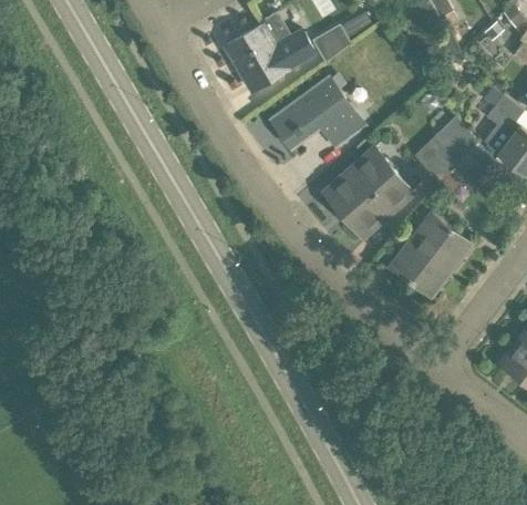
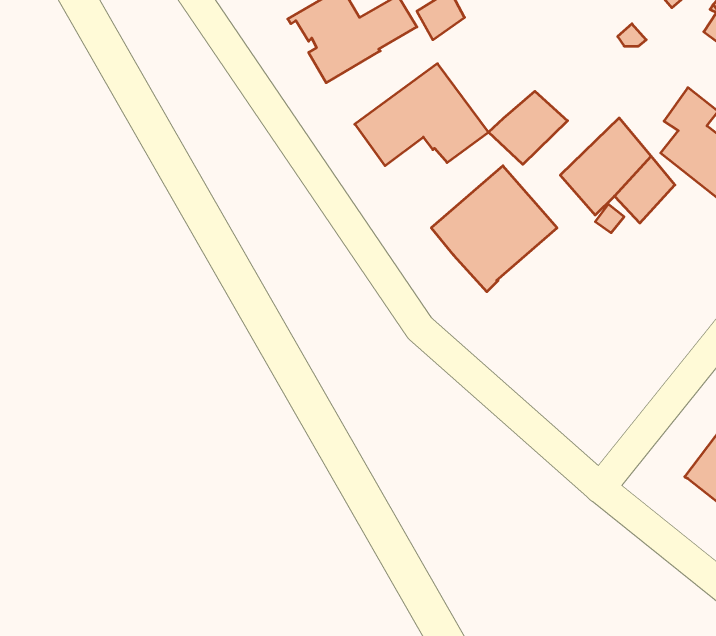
building: none -> [489,91,568,164]
building: [391,214,472,297] -> none

